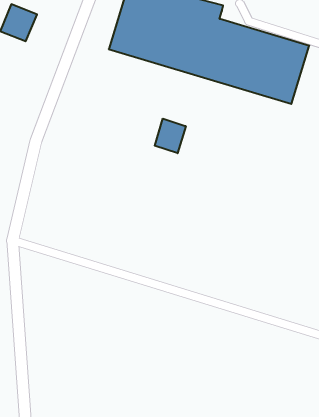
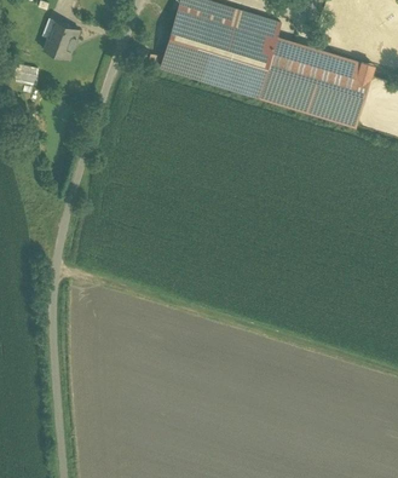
building: [155,119,186,153] -> none

